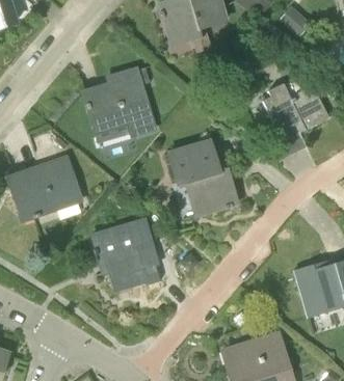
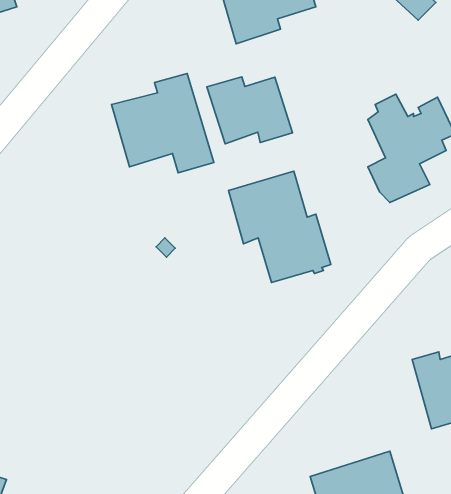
building: none -> [207,77,292,144]
building: [12,157,82,220] -> none
building: [92,218,164,290] -> none

